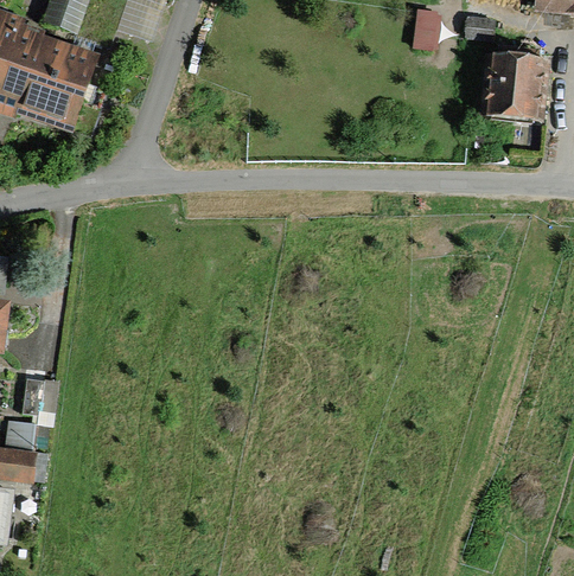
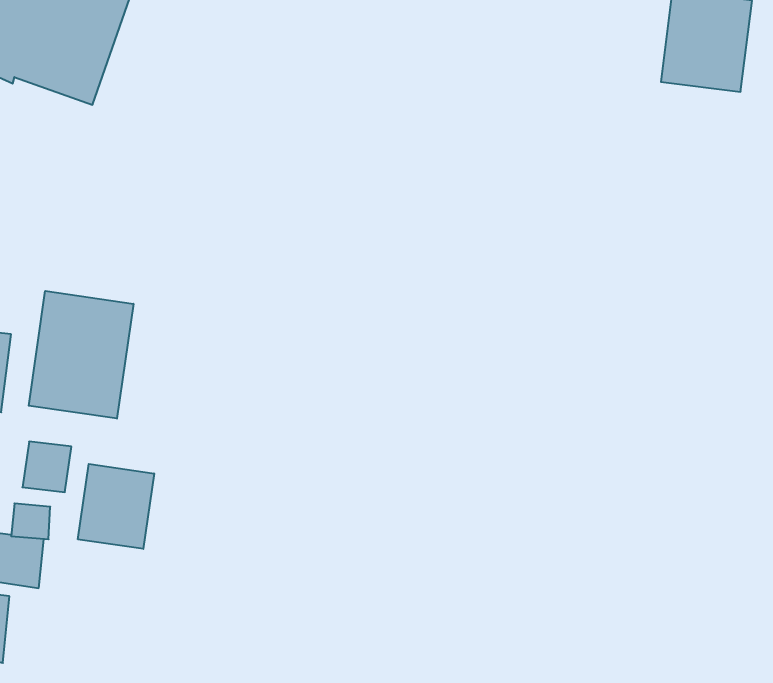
building: none -> [29,291,133,419]
building: none -> [78,464,154,549]

